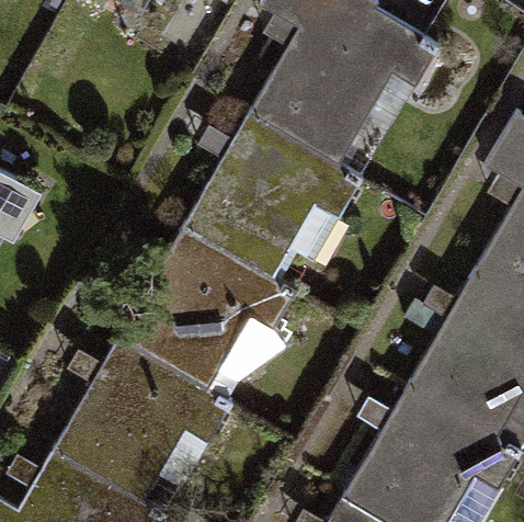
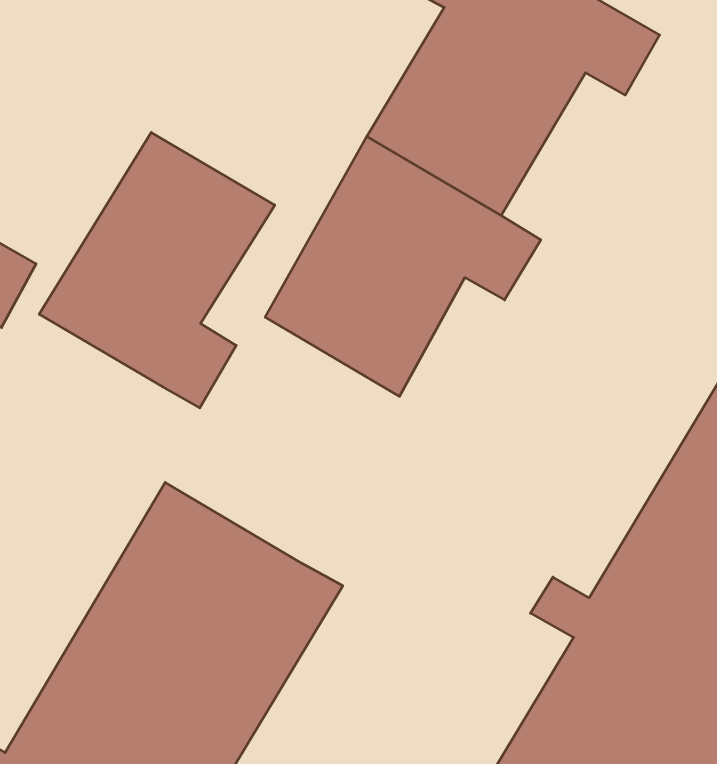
building: none -> [39,132,275,408]
building: [124,227,295,384] -> none

